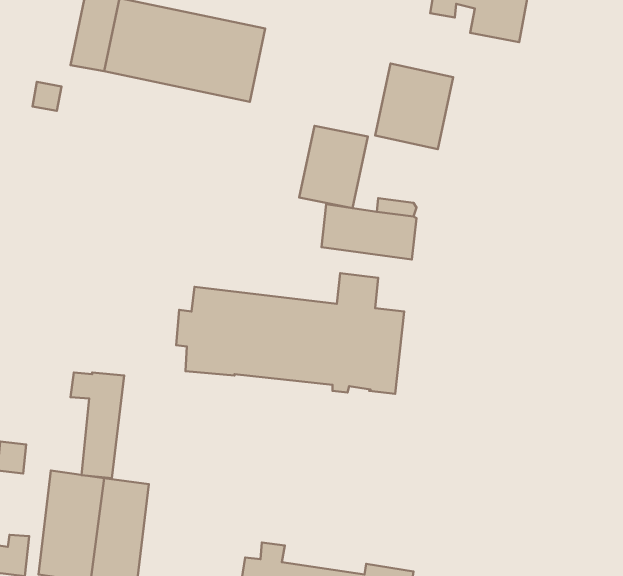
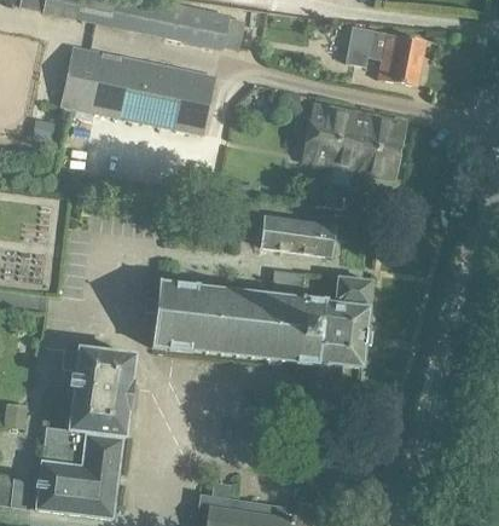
building: [299,126,368,208] -> [352,114,406,179]
building: none -> [317,276,372,382]
building: none -> [94,349,135,435]

